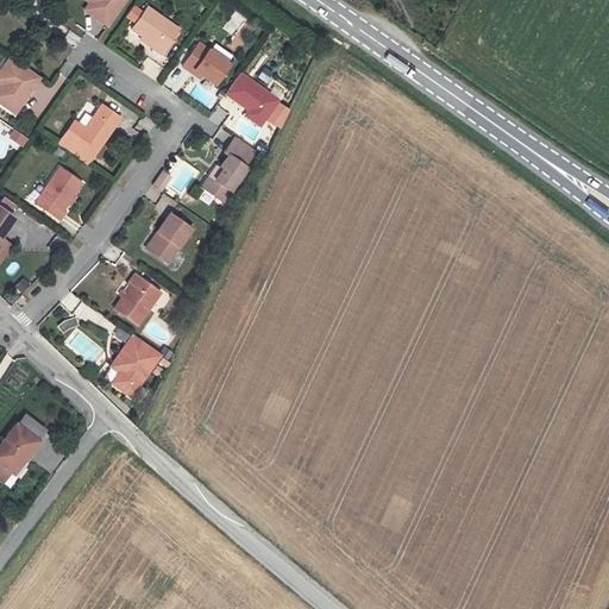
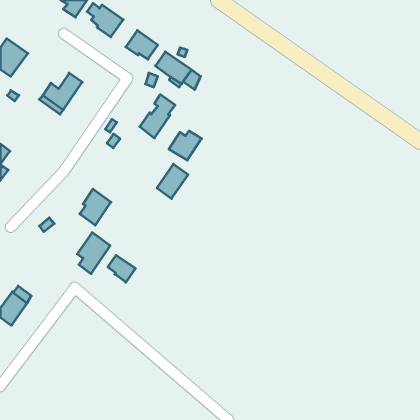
building: [34,169,82,221] -> none
building: none -> [169,131,202,160]
building: [146,214,192,264] -> [157,164,188,199]
building: none -> [108,255,135,282]

